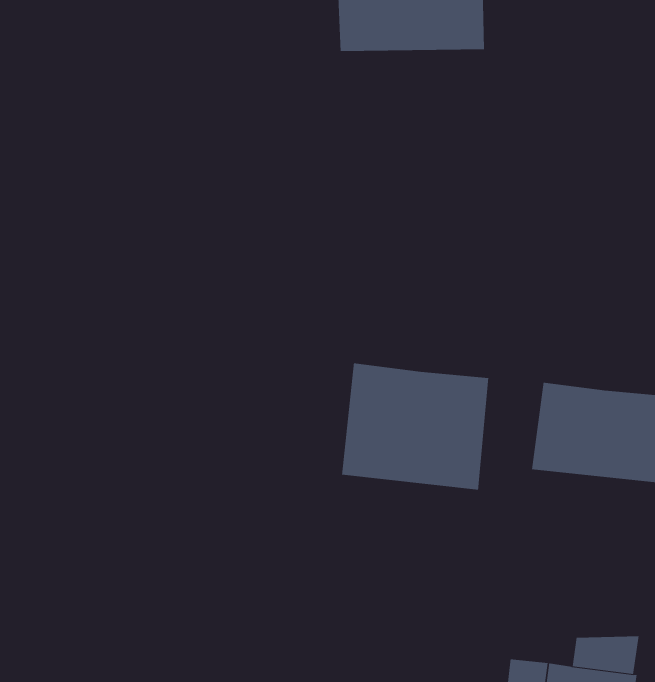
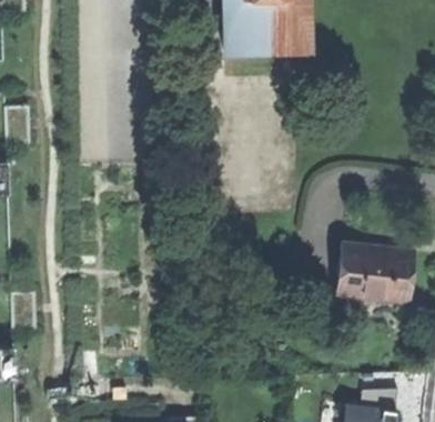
building: [342,363,489,490] -> none

